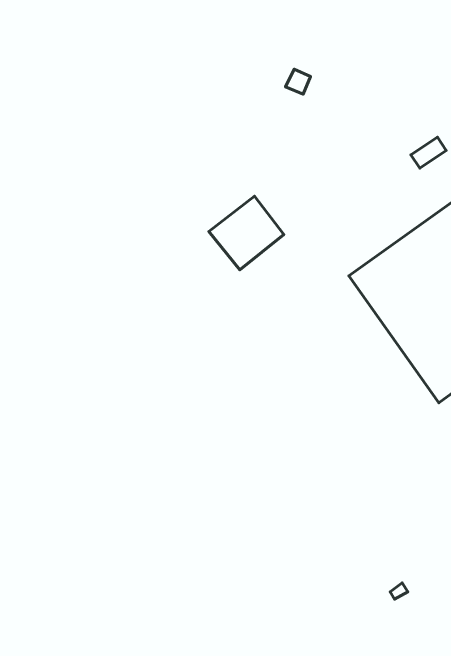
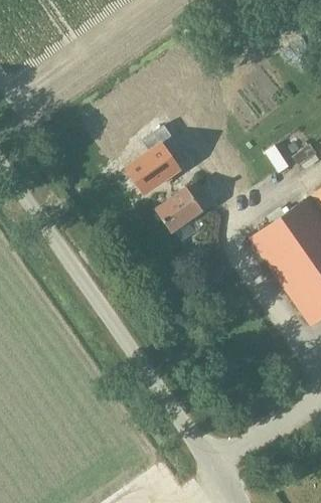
building: none -> [129,126,181,194]

